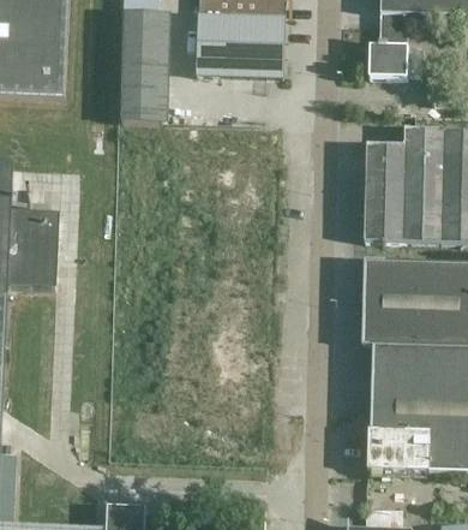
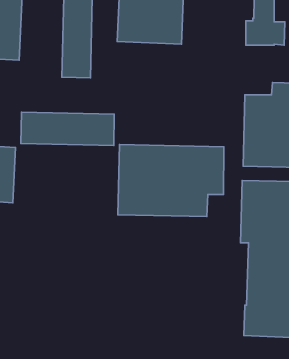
building: none -> [21,112,114,146]
building: none -> [118,145,224,217]

